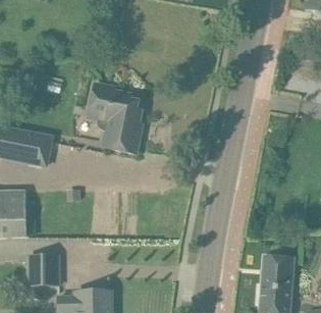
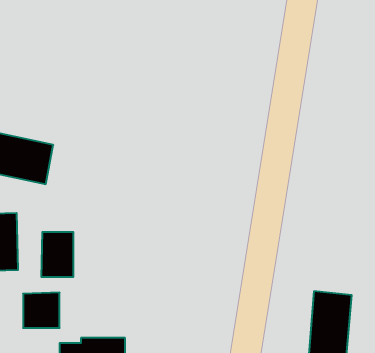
building: [88,84,142,153] -> none
building: none -> [41,232,73,277]

